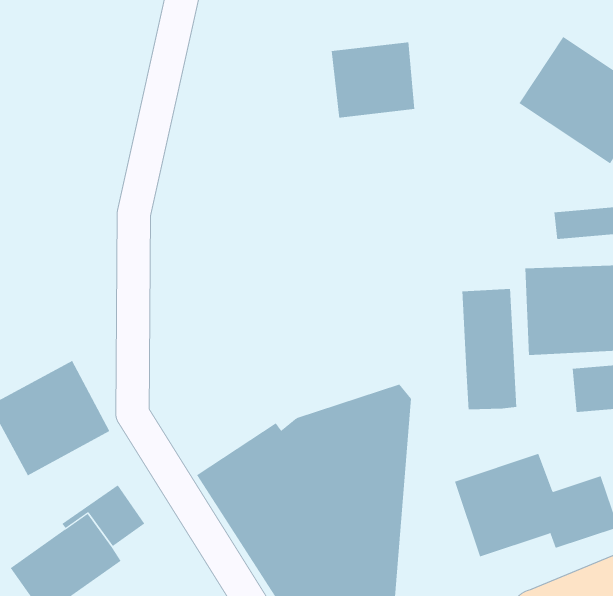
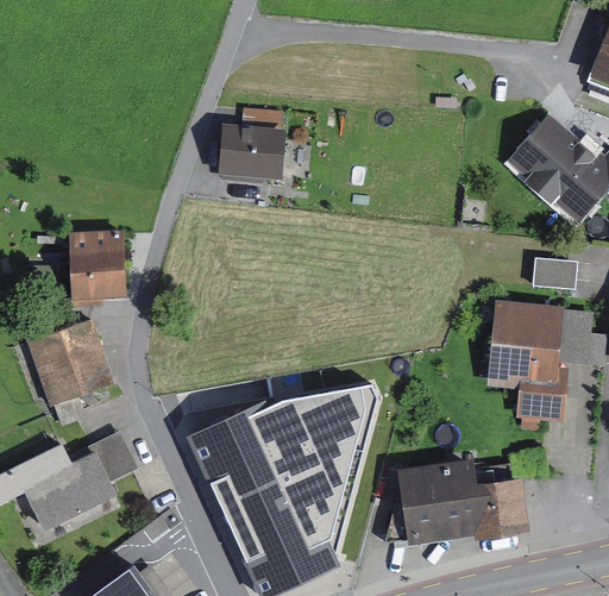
building: [331,42,415,118] -> [221,123,291,183]
building: none -> [70,232,130,306]
building: [462,288,517,410] -> none

